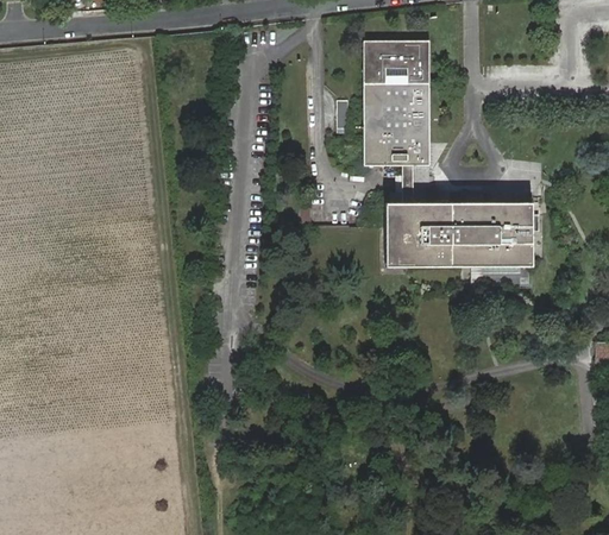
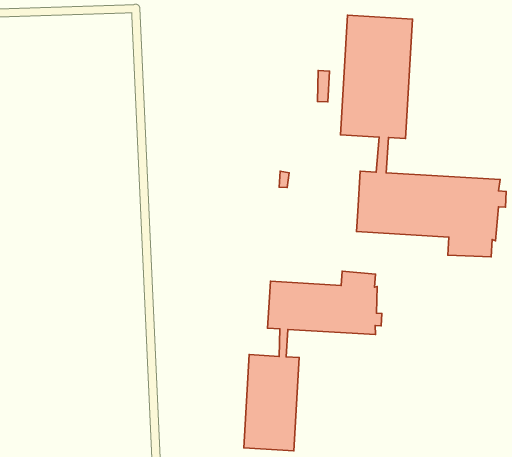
building: none -> [244,271,382,451]

